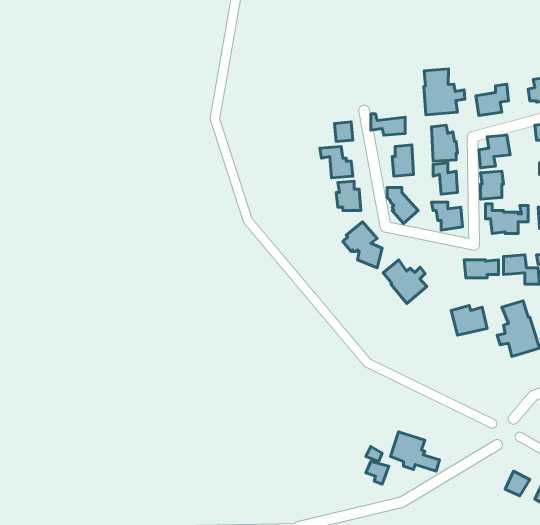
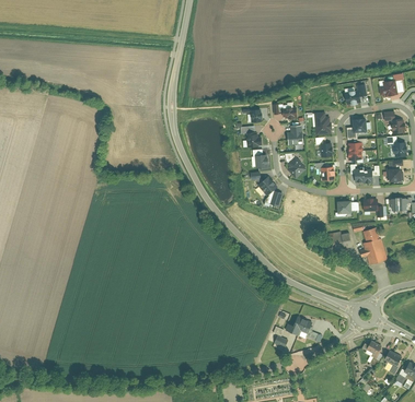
building: [424,69,465,115] -> none
building: [383,260,427,304] -> none

